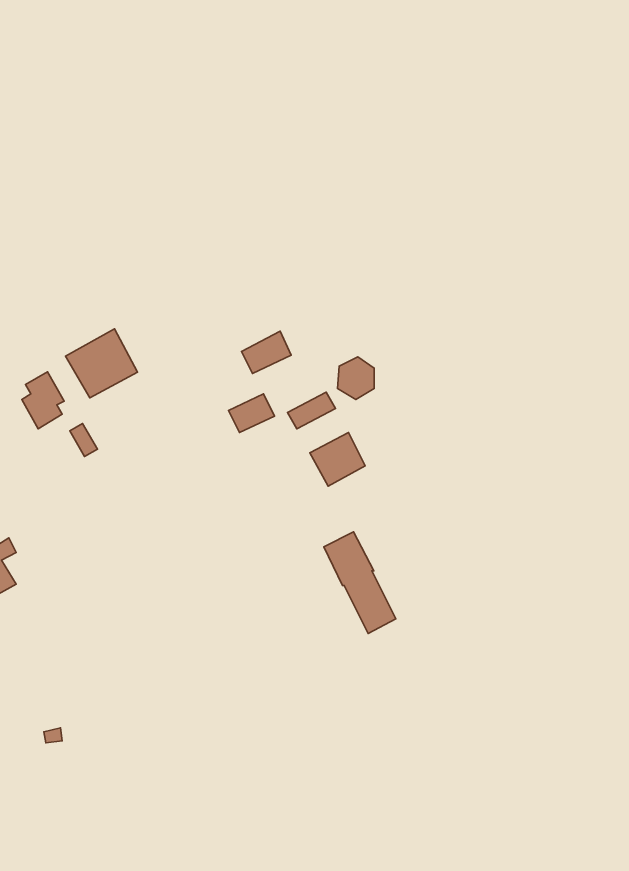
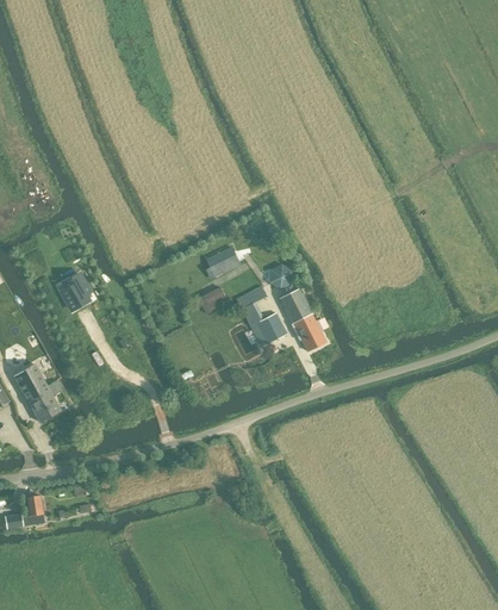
building: [66,329,138,398] -> none
building: [324,532,396,634] -> [279,288,325,354]

